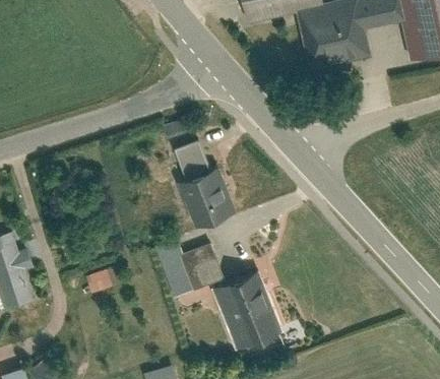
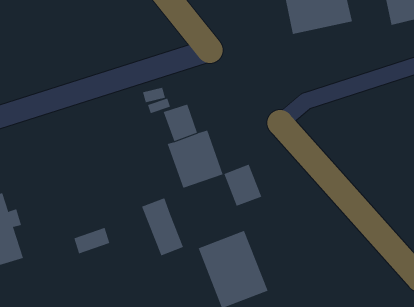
building: [184,244,224,288] -> [223,164,262,207]

